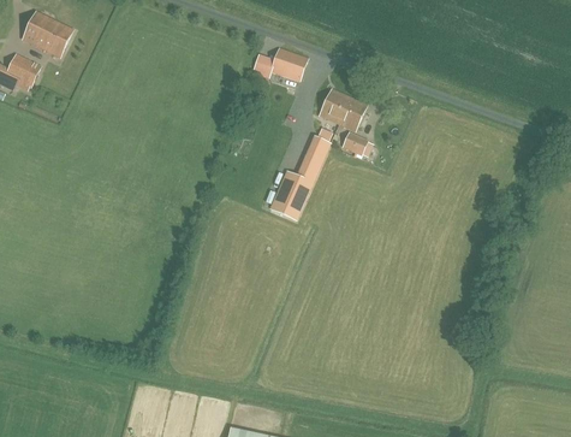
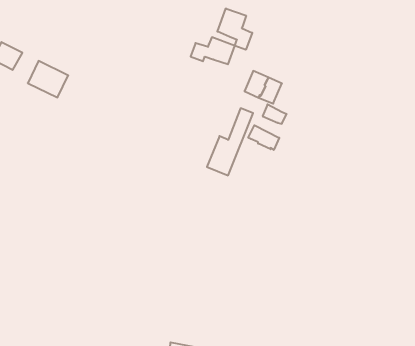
building: none -> [217,8,252,50]
building: [22,11,72,57] -> [28,61,68,97]
building: none -> [248,125,279,150]

